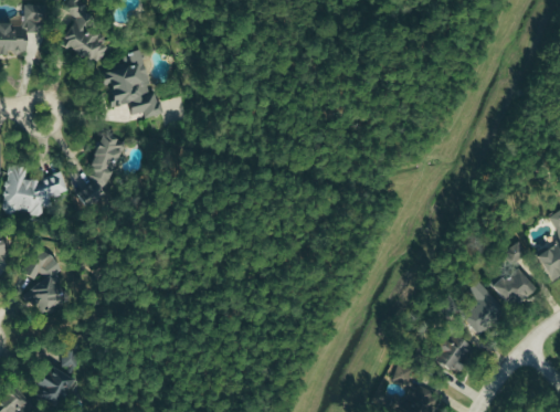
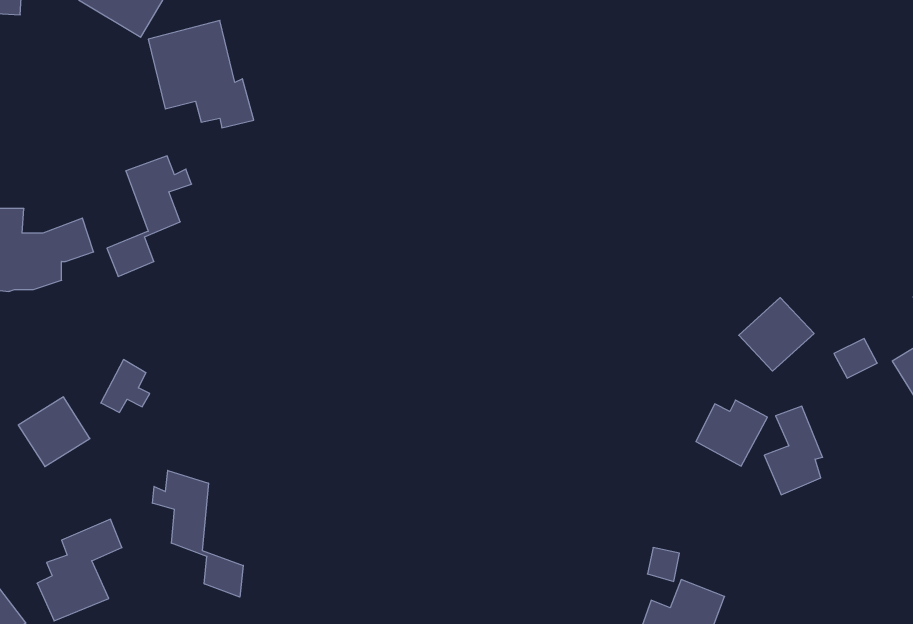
building: [24,249,53,279] -> [101,360,150,412]
building: [493,265,537,308] -> [739,298,814,371]
building: none -> [152,470,243,597]
building: [432,337,474,376] -> [696,400,767,466]

